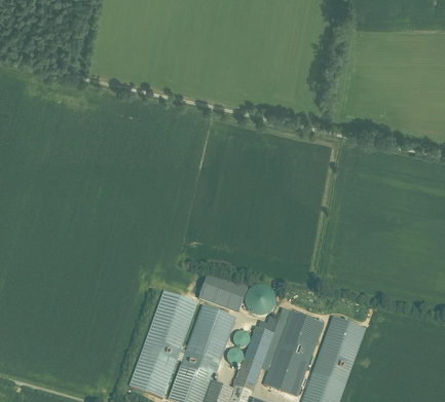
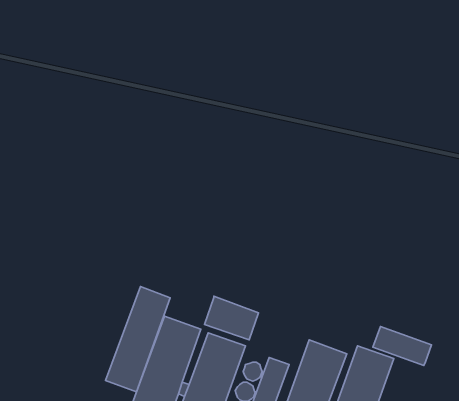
building: none -> [105,286,170,392]
building: [244,283,275,315] -> none
building: none -> [373,327,432,366]

